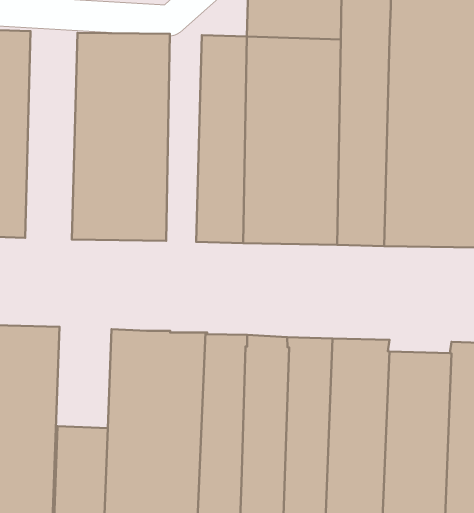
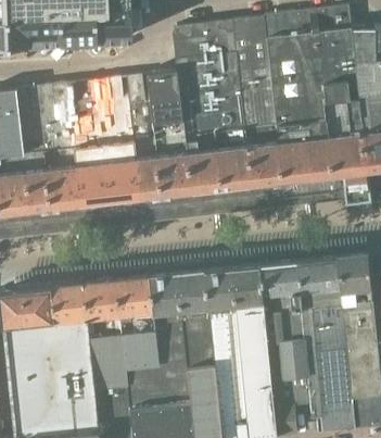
building: none -> [37,86,82,223]
building: none -> [127,76,163,212]
building: none -> [82,274,123,341]

